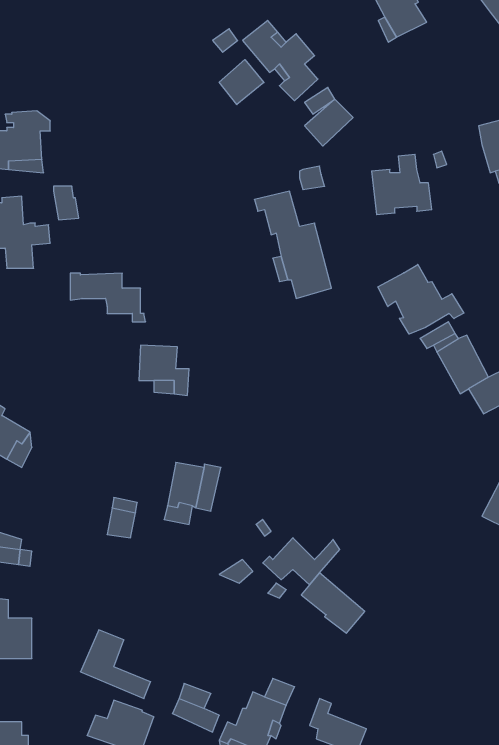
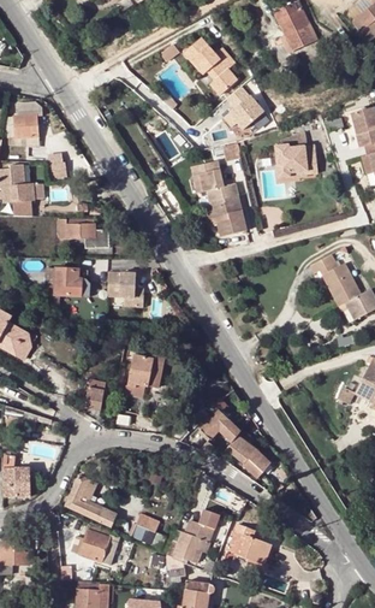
building: [219,60,264,105] -> none
building: [378,264,464,334] -> none
building: none -> [44,267,82,302]

